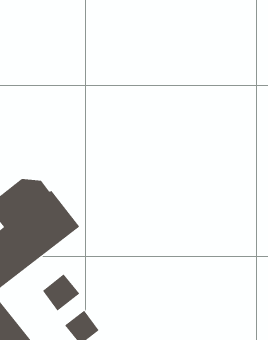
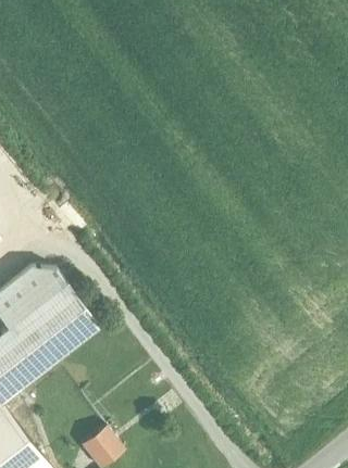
building: [42,274,80,311] -> none

